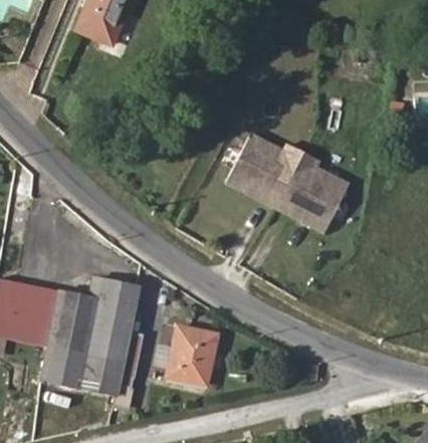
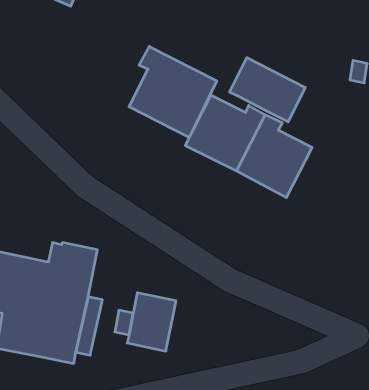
building: none -> [129,46,217,138]
building: none -> [230,58,305,122]

